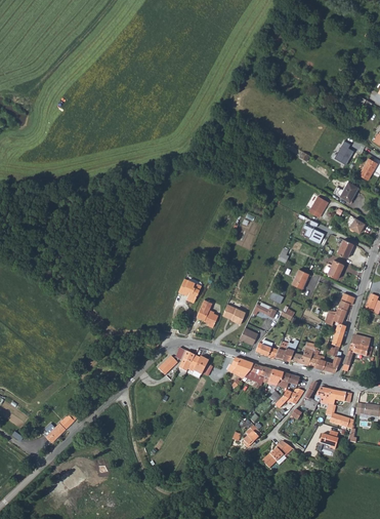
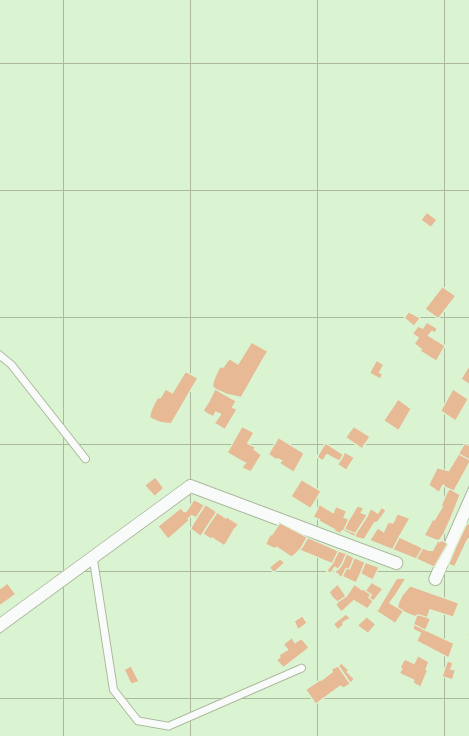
building: none -> [213,342,268,398]
building: none -> [149,371,198,424]

